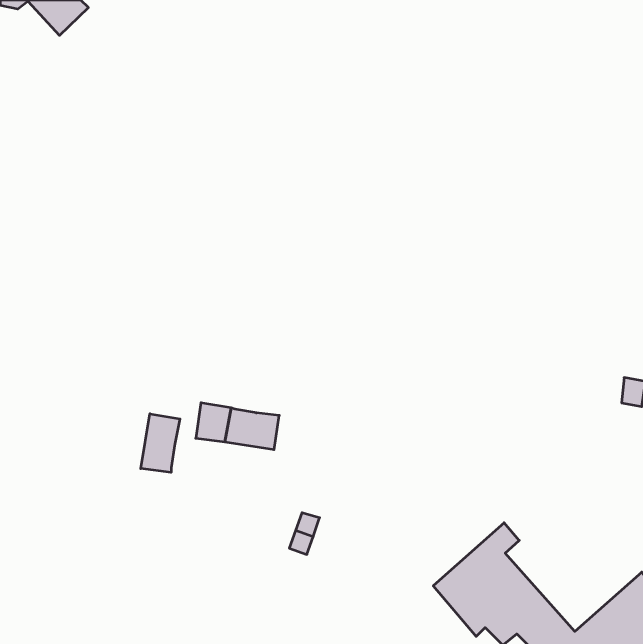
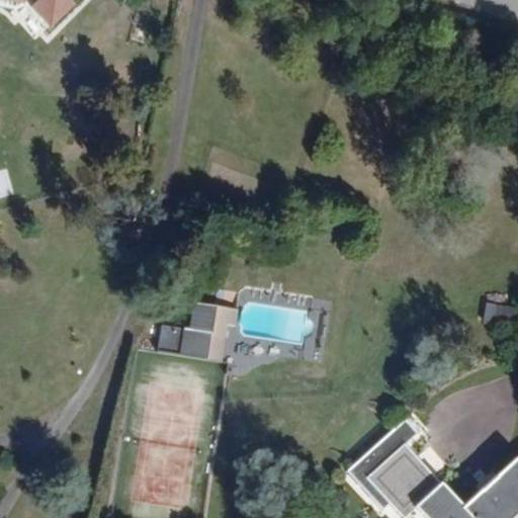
building: none -> [190,299,239,332]
building: [141,414,180,472] -> none

